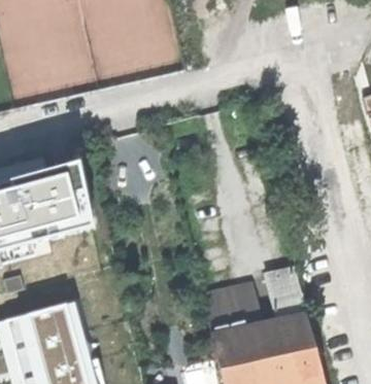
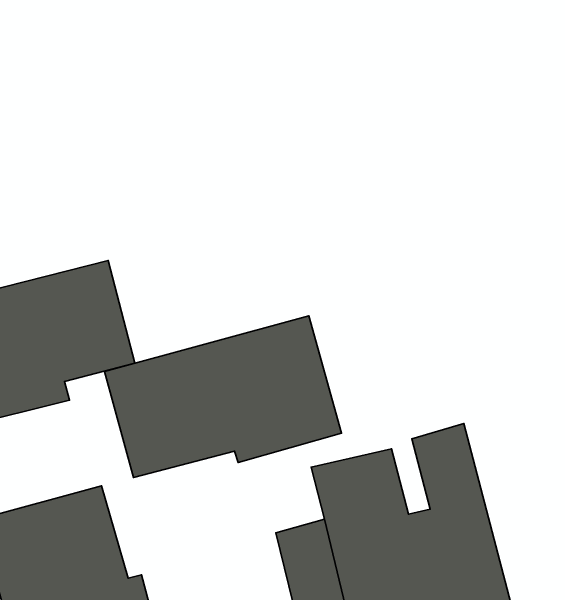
building: none -> [105,316,341,477]

